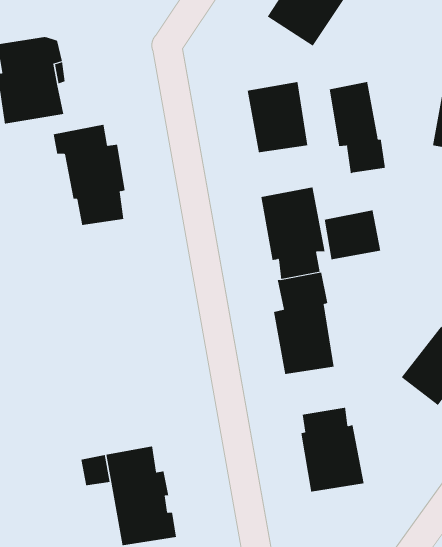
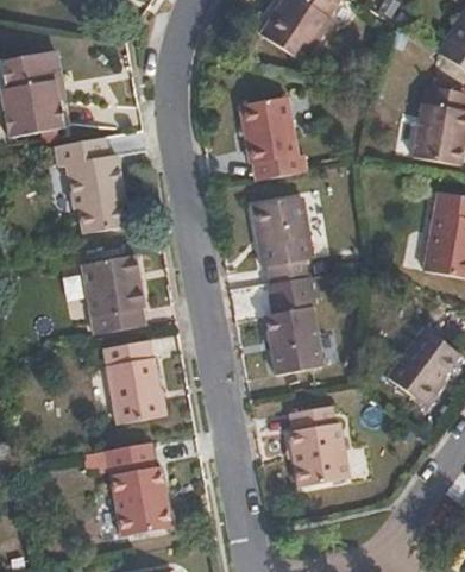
building: [329,81,385,174] -> none
building: [324,209,381,260] -> none
building: none -> [81,256,144,334]
building: none -> [101,340,163,425]

